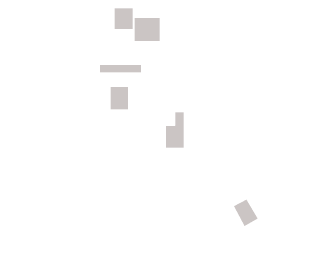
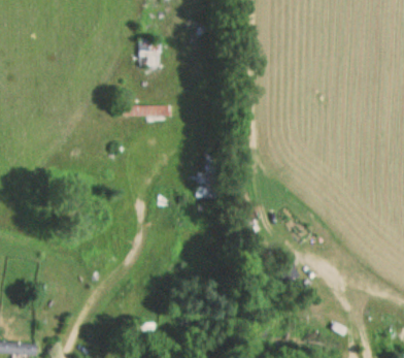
building: [134,17,160,42] -> none
building: [110,86,129,110] -> none

